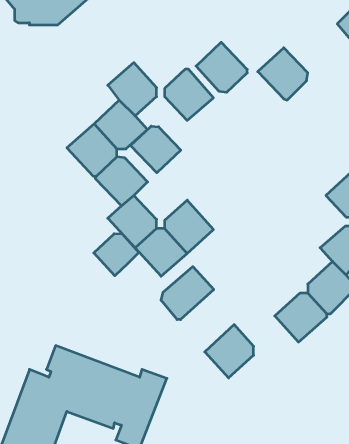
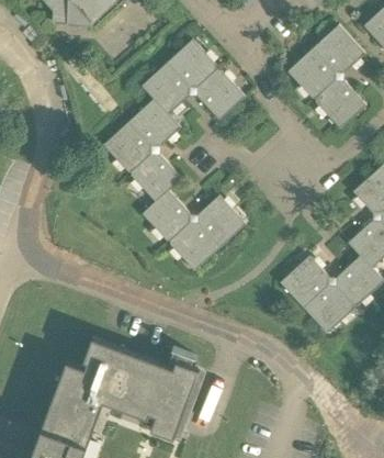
building: none -> [313,25,365,74]
building: [196,42,247,92] -> [168,40,217,88]
building: none -> [315,80,366,129]
building: [131,126,181,173] -> none
building: [94,234,139,276] -> none
building: [161,267,214,320] -> none
building: [205,325,254,378] -> [281,256,328,308]

